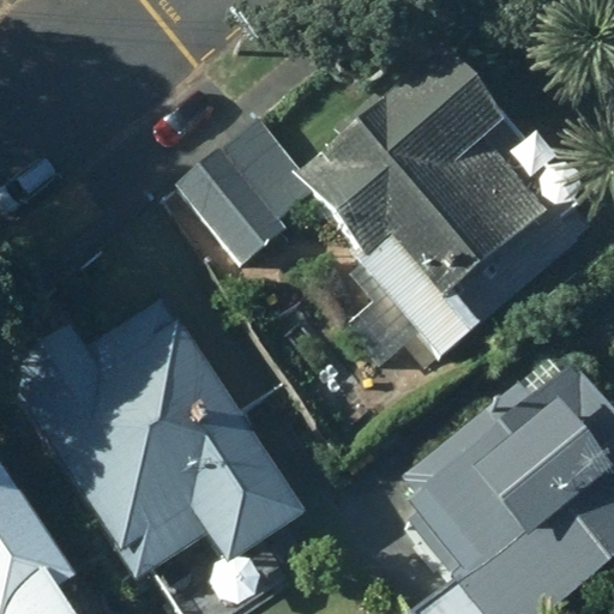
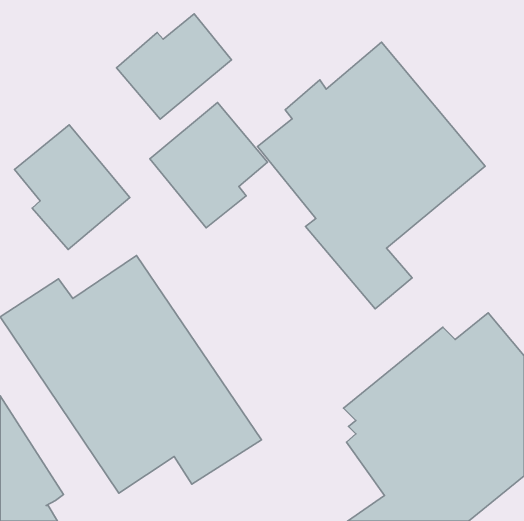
building: none -> [116,14,232,119]
building: none -> [14,125,130,250]

